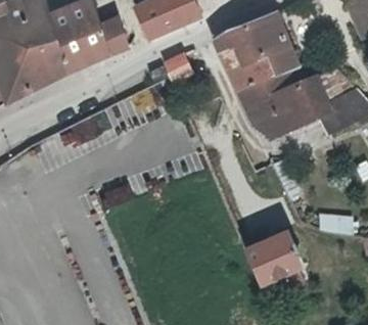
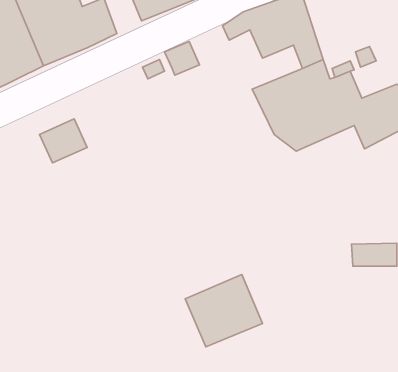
building: [217,43,275,90] -> none
building: [251,228,313,285] -> [185,274,263,347]

